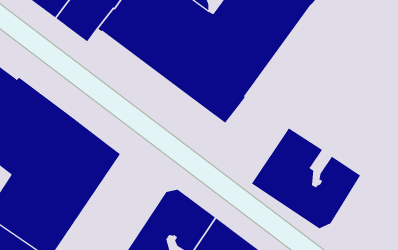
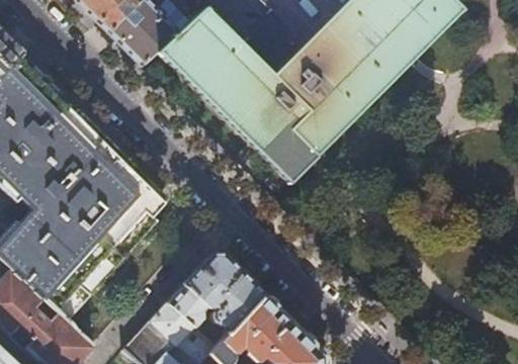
building: [251,128,361,229] -> none

